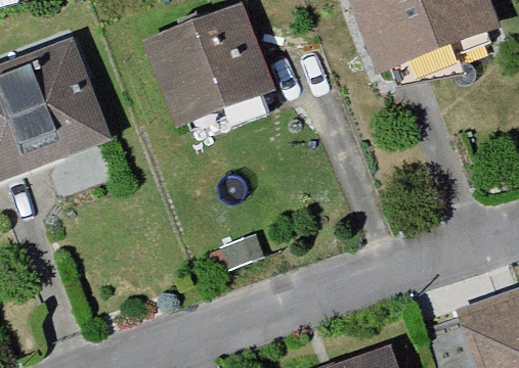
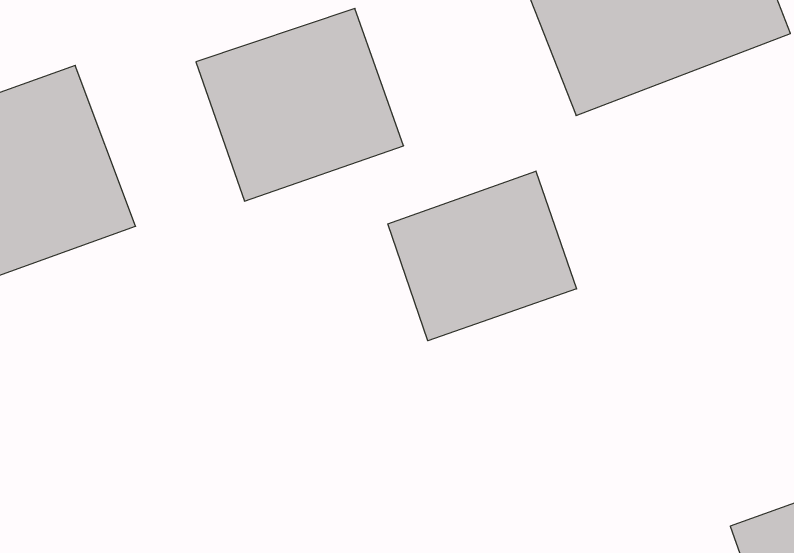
building: none -> [388,171,577,341]

